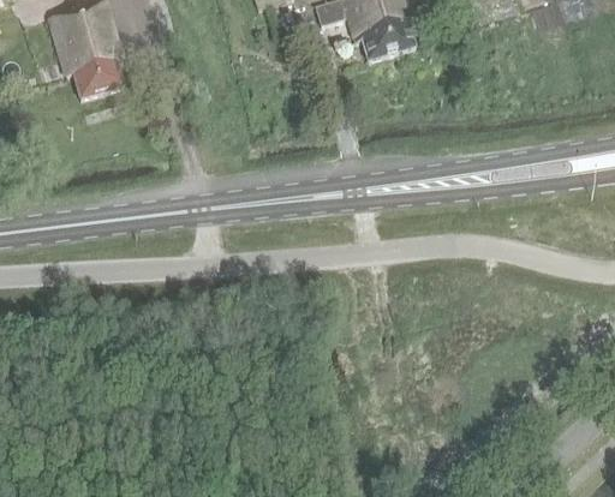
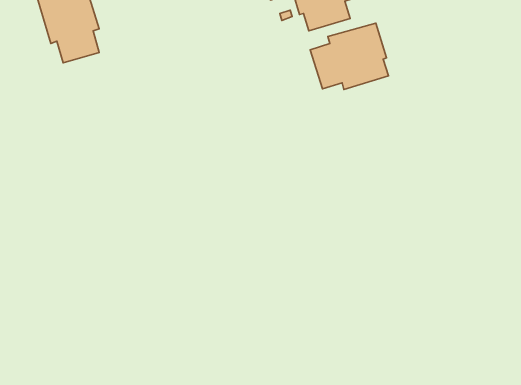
building: none -> [310,23,389,90]

